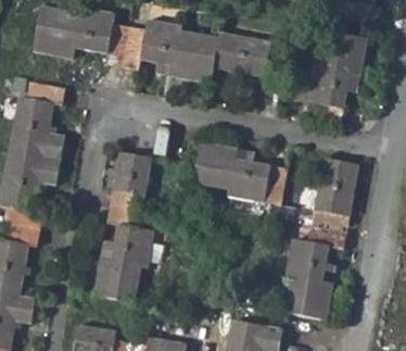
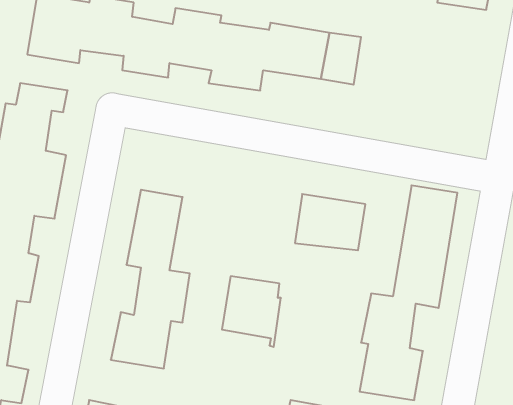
building: [304,27,368,122] -> none
building: [196,145,241,198] -> [222,276,281,347]

